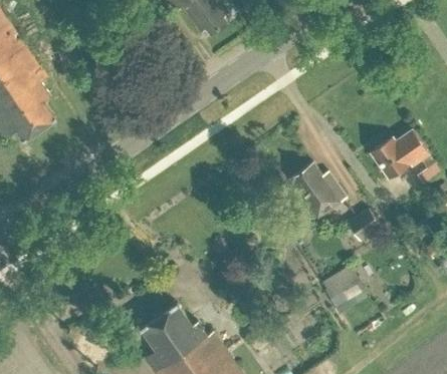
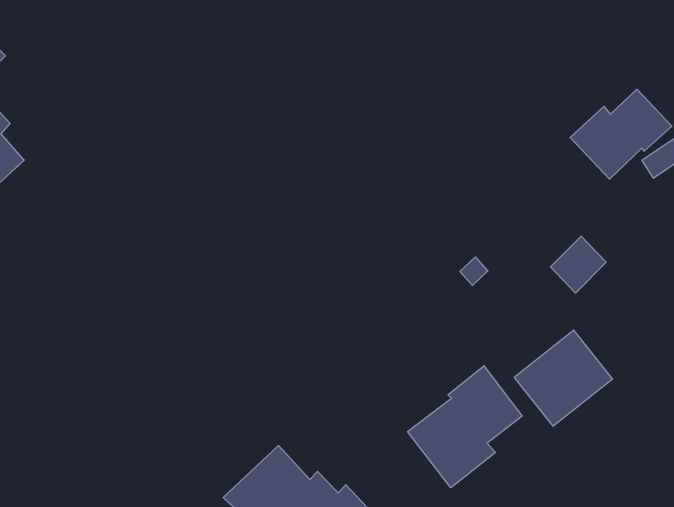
building: [289,161,346,218] -> none
building: none -> [408,366,522,488]

